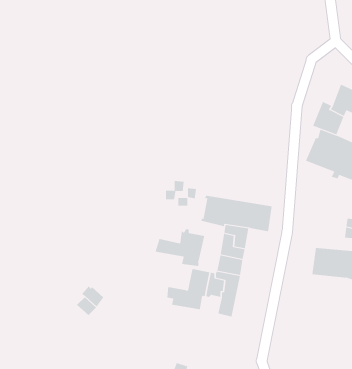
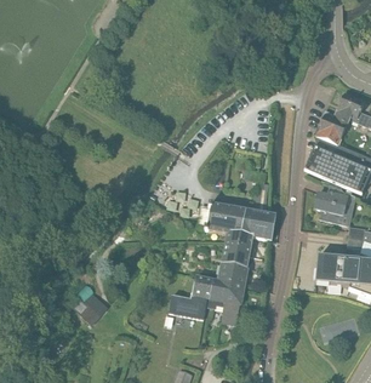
building: none -> [314,192,347,217]
building: [155,228,205,267] -> none

